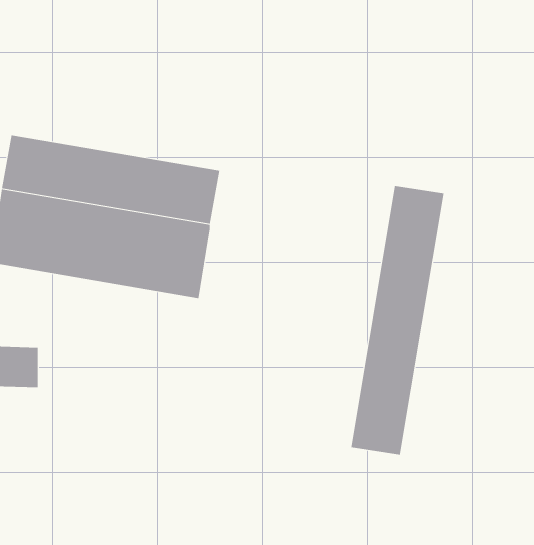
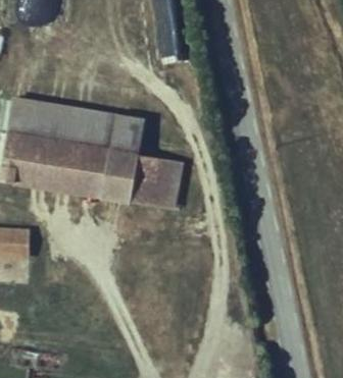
building: [351,185,444,455] -> none
building: none -> [132,157,182,208]

